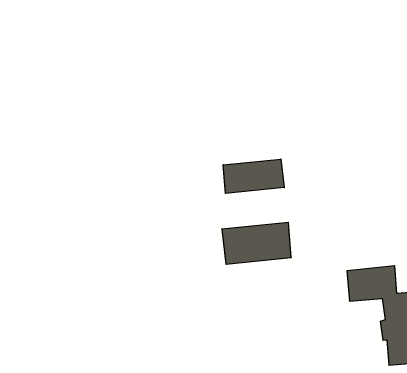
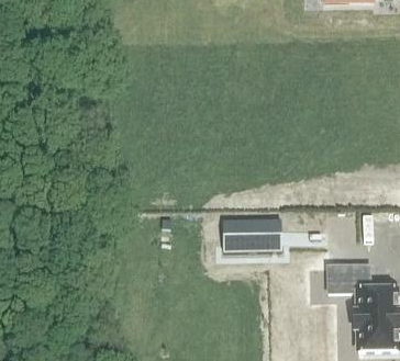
building: [223,159,284,193] -> none

